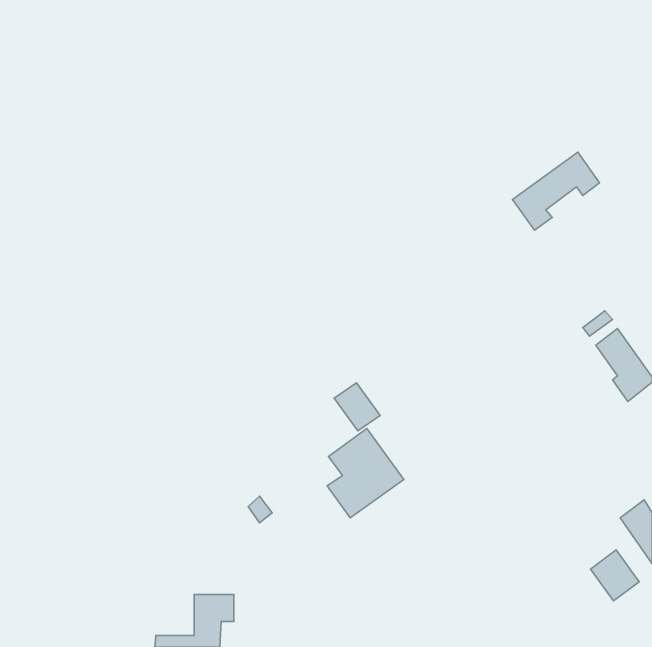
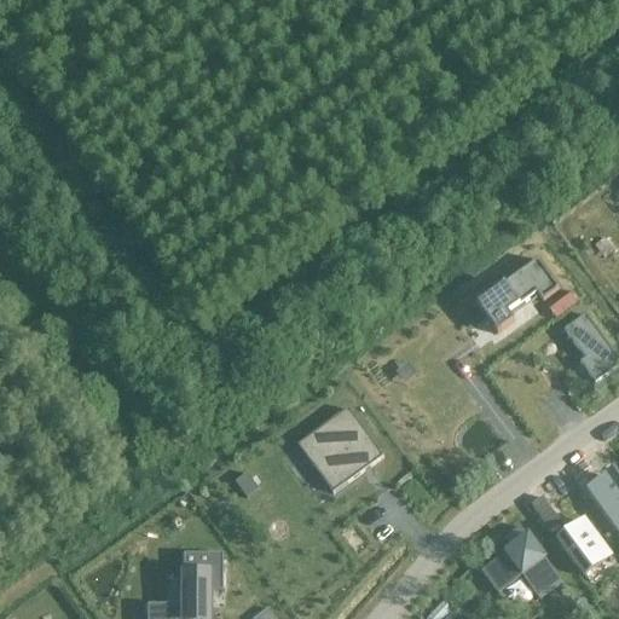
building: [513,152,600,230] -> [475,256,557,330]
building: [334,383,380,431] -> none
building: none -> [480,523,561,597]

